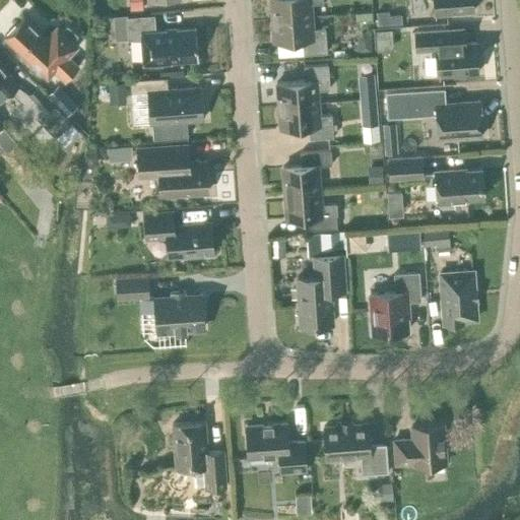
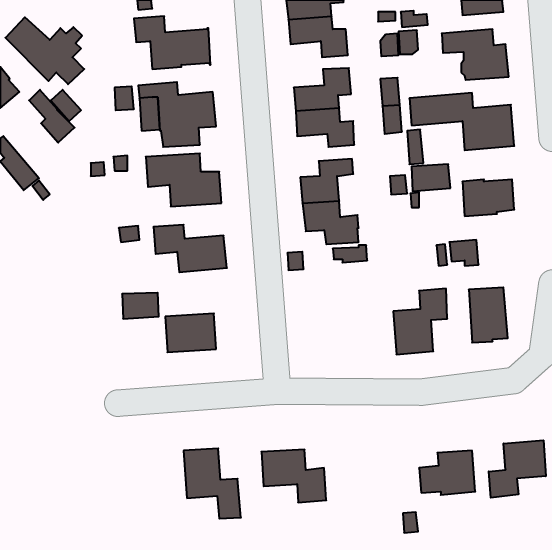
building: [297,256,345,328] -> none
building: none -> [489,440,546,498]
building: [324,425,388,476] -> none

